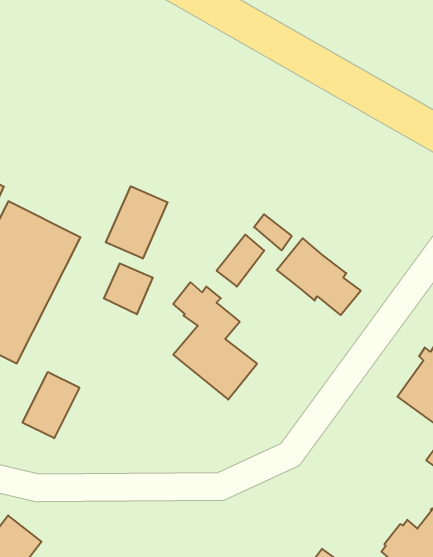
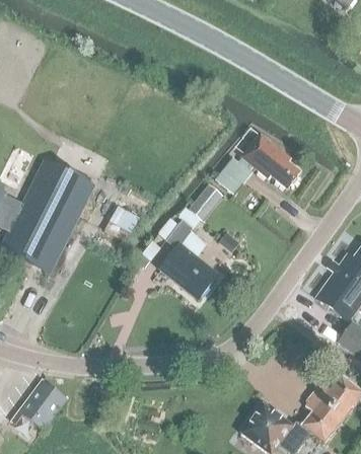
building: [106,186,168,259] -> none
building: [277,238,361,315] -> [240,135,299,188]
building: [23,372,79,438] -> none

